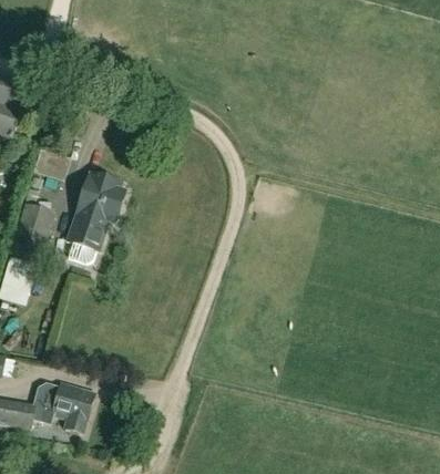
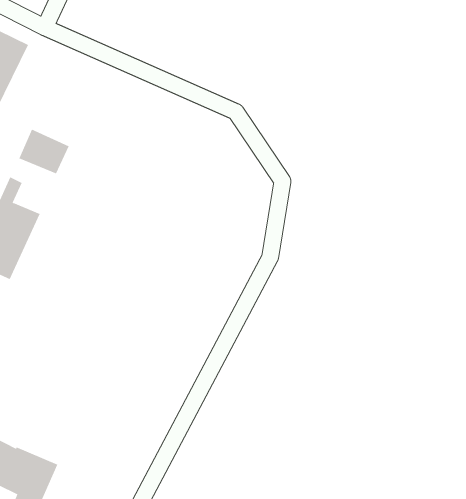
building: [66,176,124,250] -> none

